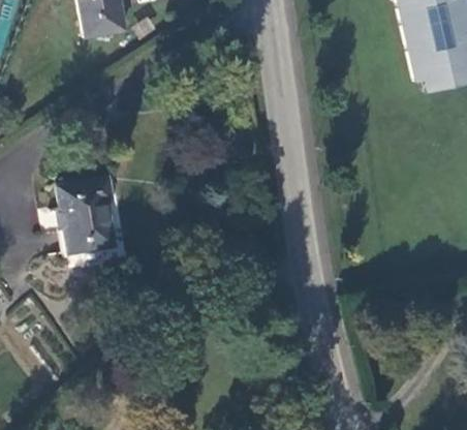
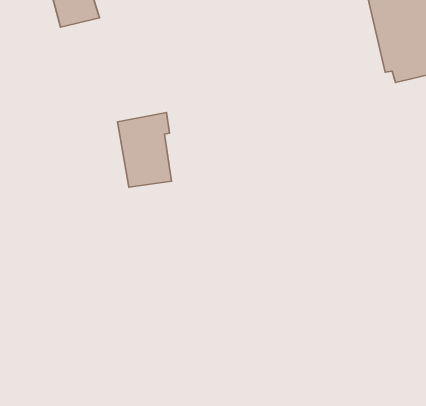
building: [58,181,113,256] -> [118,113,172,187]

